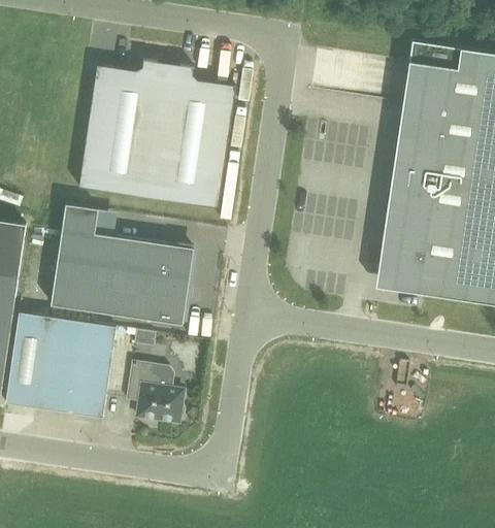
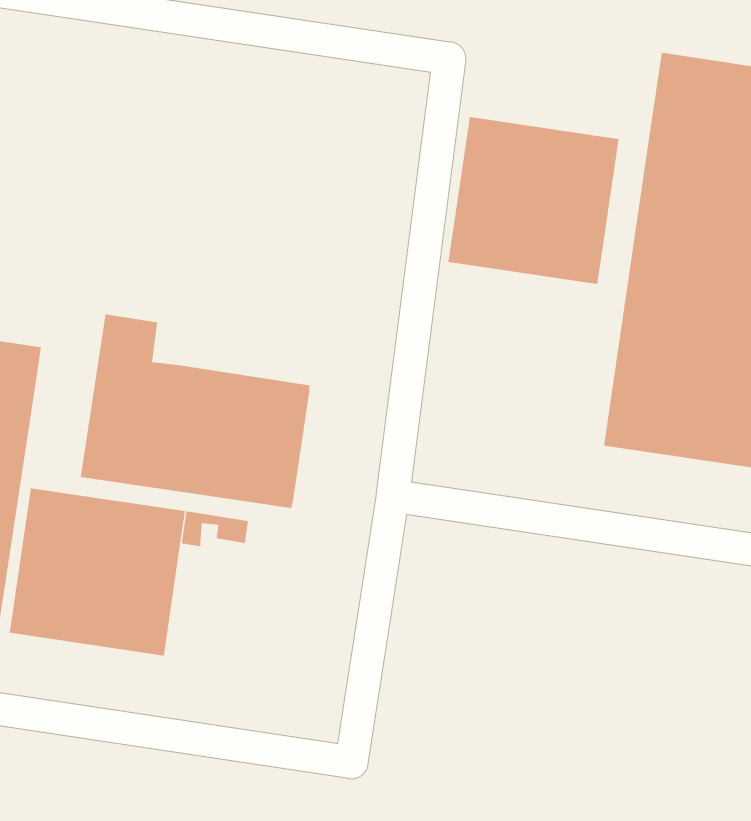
building: [79,60,236,208] -> none
building: none -> [448,116,619,285]
building: [127,362,185,423] -> none

